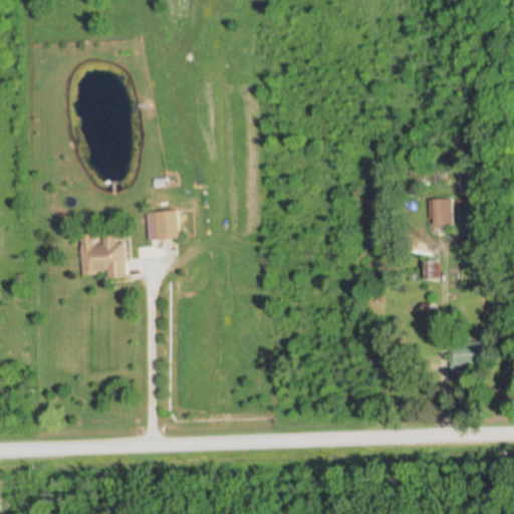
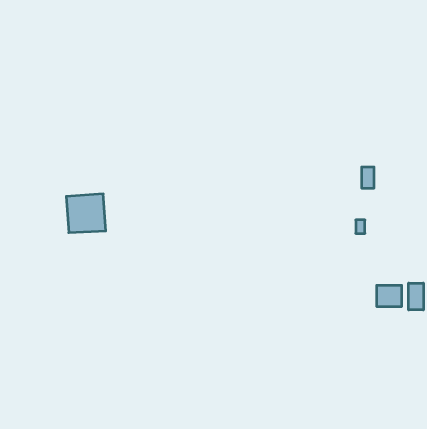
building: [147,211,179,241] -> none
building: none -> [409,283,423,310]

